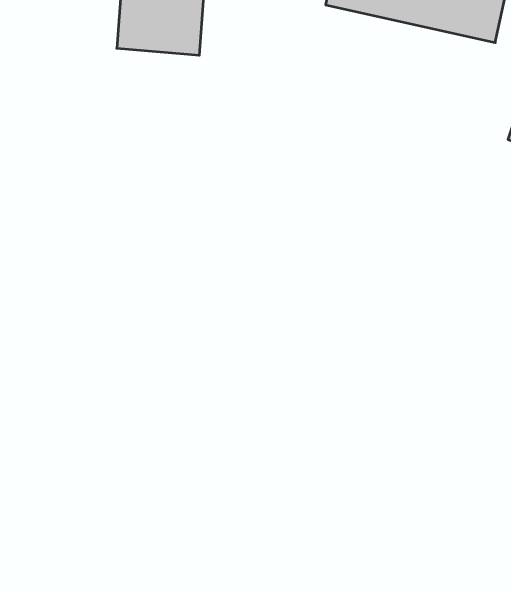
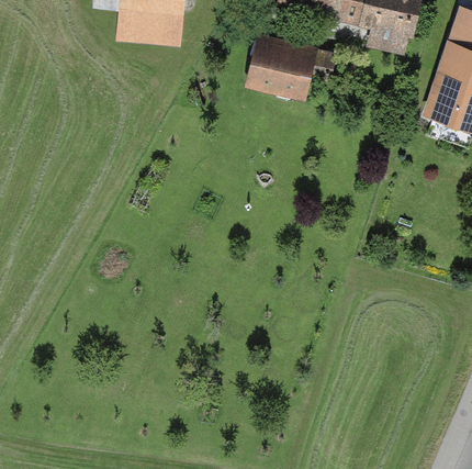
building: none -> [250,35,319,100]

